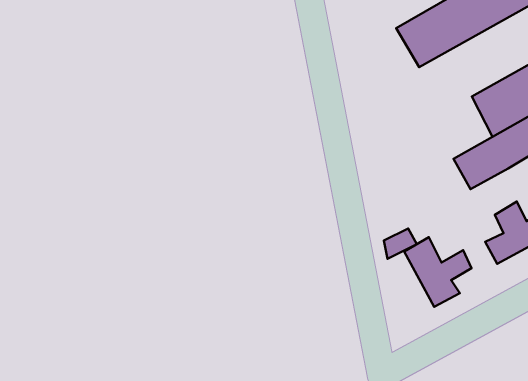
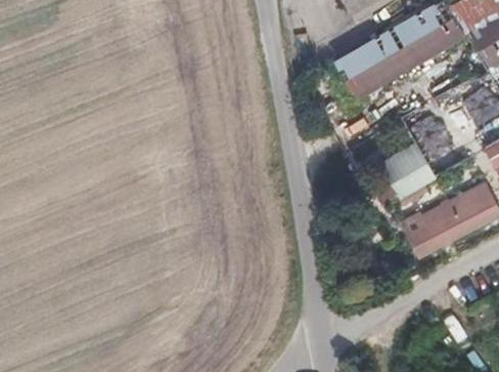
building: [404,237,471,307] -> none

